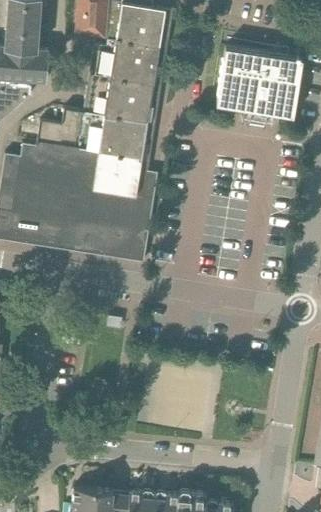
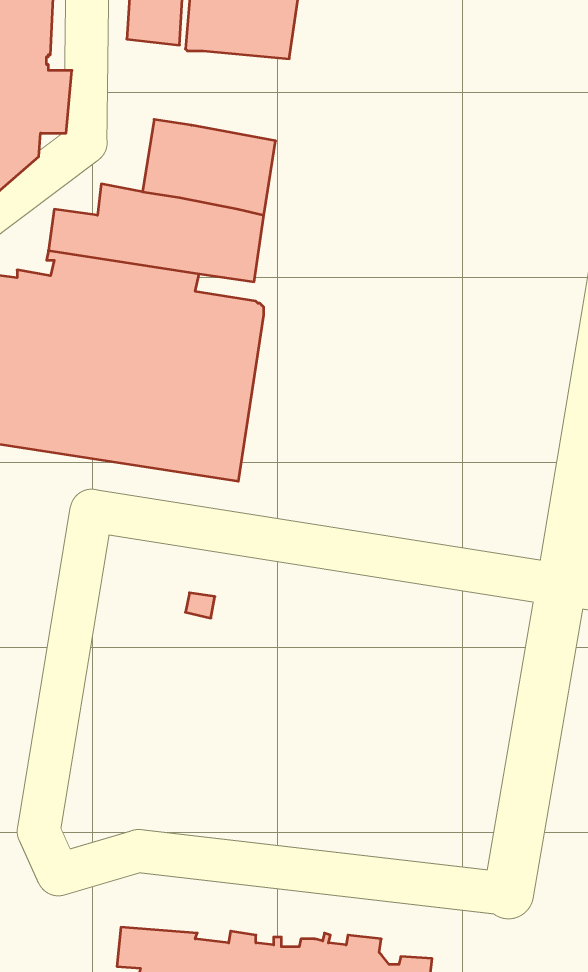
building: [90,40,159,86] -> none
building: [215,47,301,123] -> none

